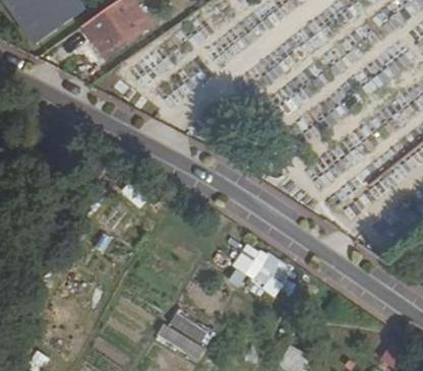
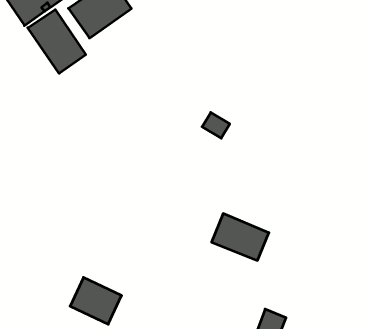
building: none -> [28,10,86,73]
building: [161,307,216,357] -> [70,277,122,324]

